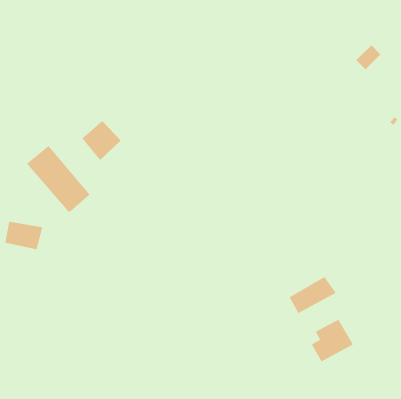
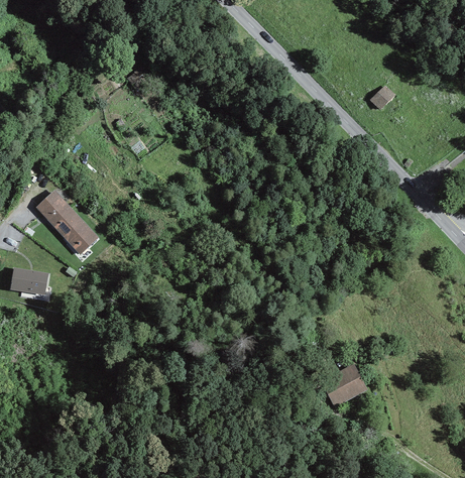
building: [81,120,121,161] -> none
building: [289,276,336,314] -> none

